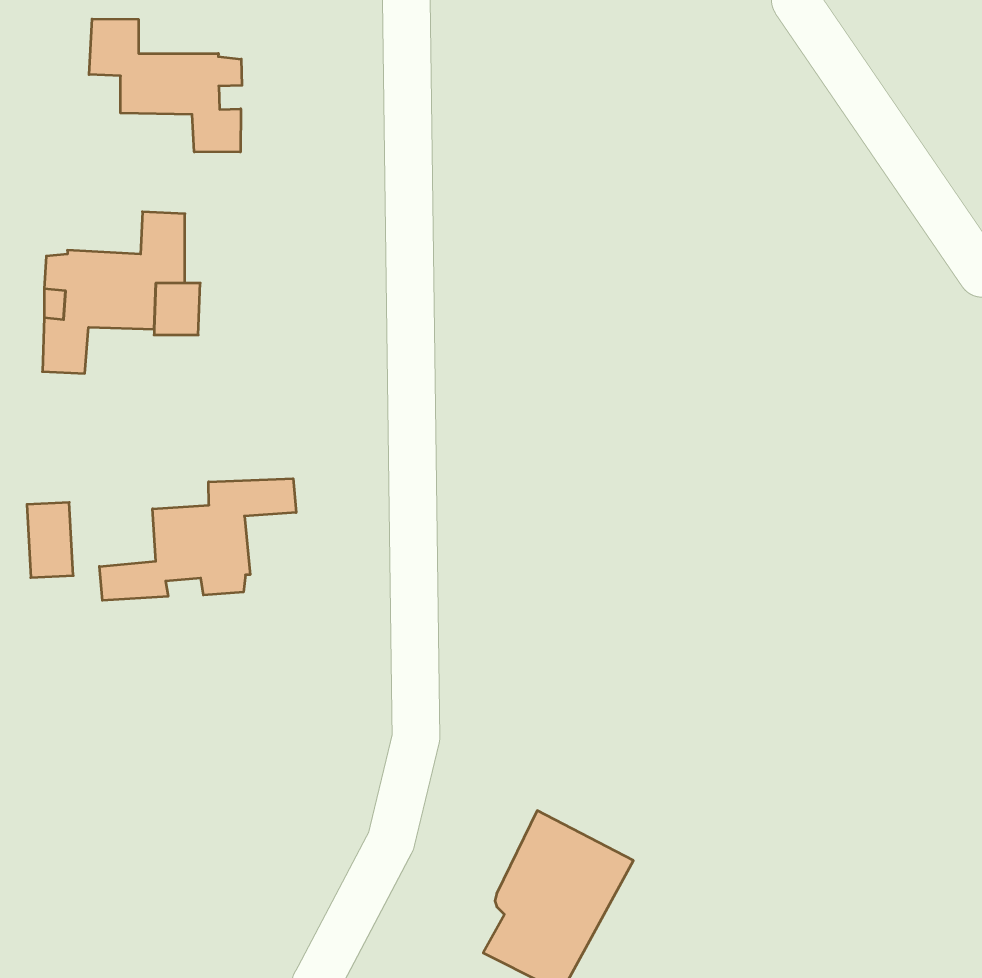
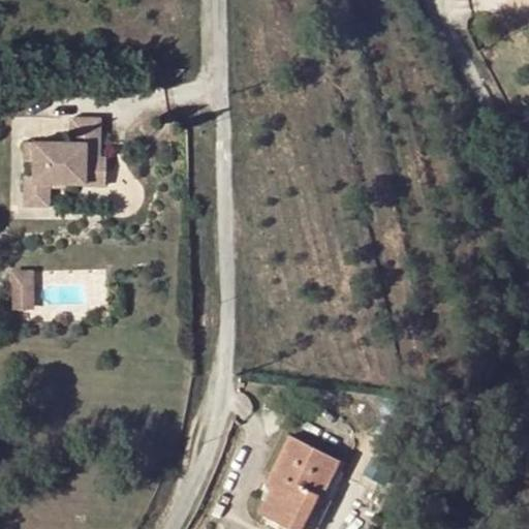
building: [89,19,242,152] -> none
building: [99,479,296,600] -> none

